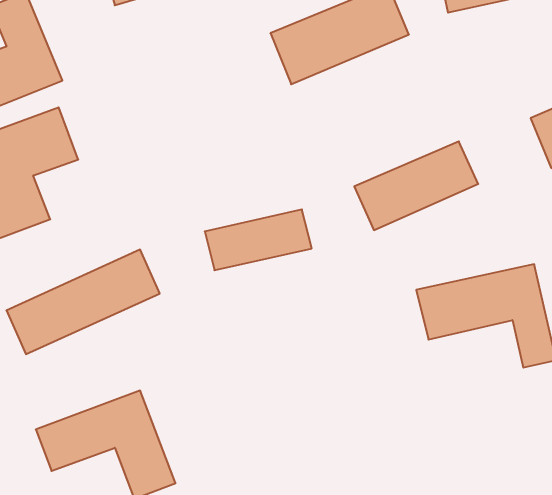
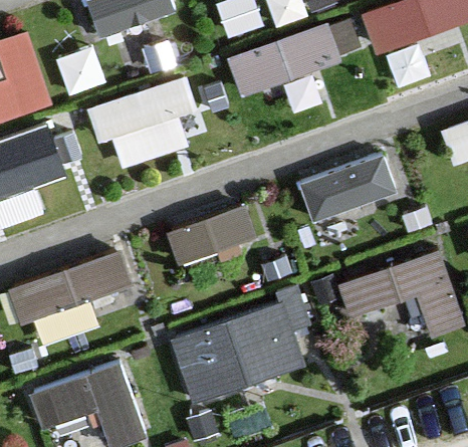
building: none -> [87,72,198,169]
building: none -> [171,288,310,402]

